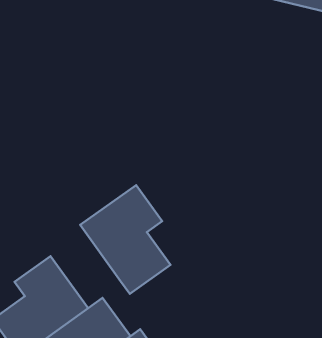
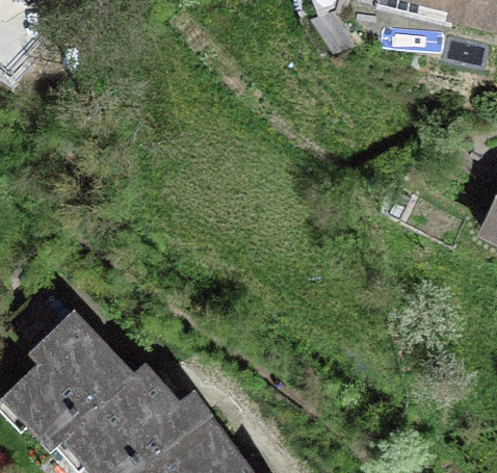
building: [80,185,170,294] -> none

